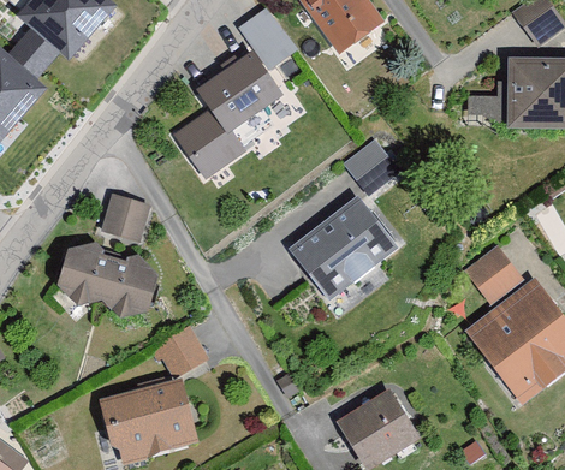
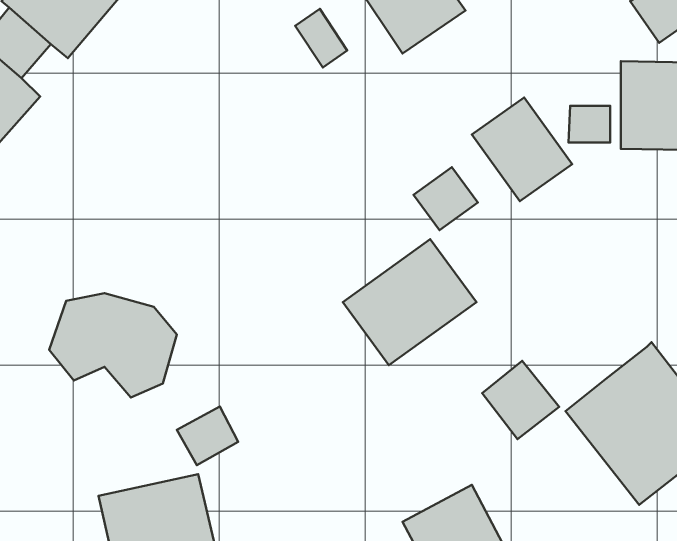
building: [174,54,280,177] -> none
building: none -> [472,97,572,201]
building: [99,190,150,239] -> none
building: [468,246,528,308] -> [482,361,559,439]

